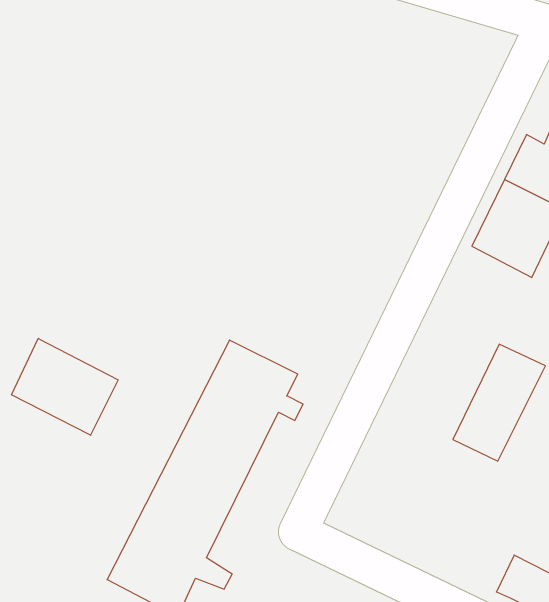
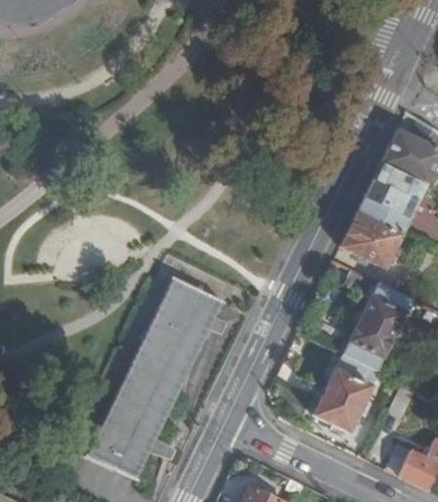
building: none -> [340,210,401,268]
building: [12,338,118,435] -> none
building: none -> [312,352,378,431]

